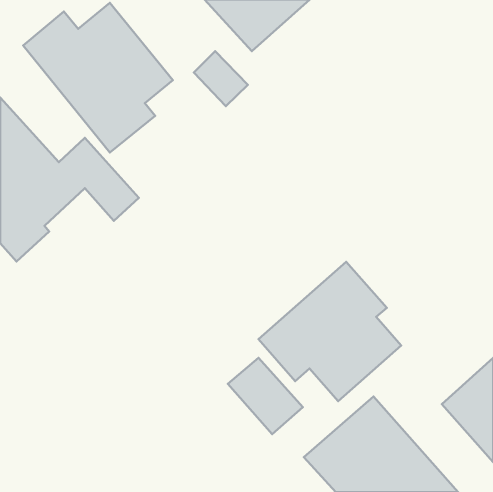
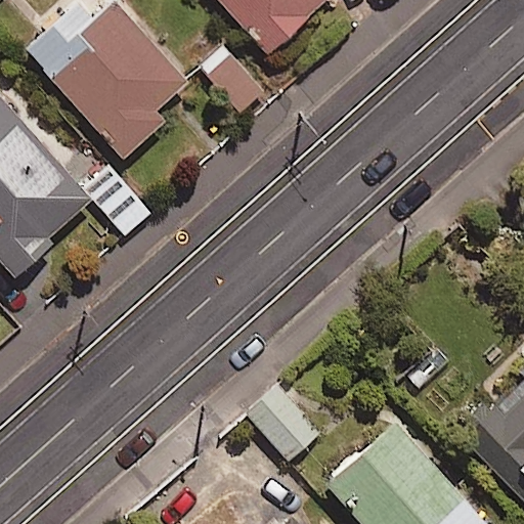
building: [259,262,401,401] -> none

